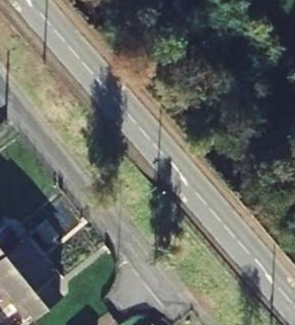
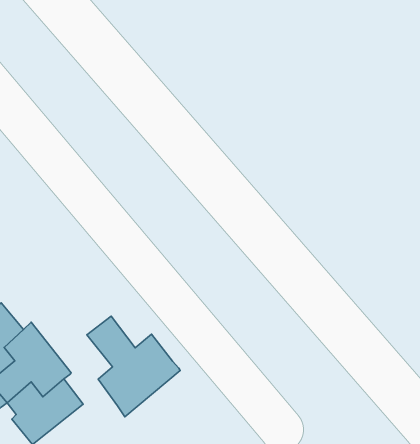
building: none -> [87,316,180,417]

